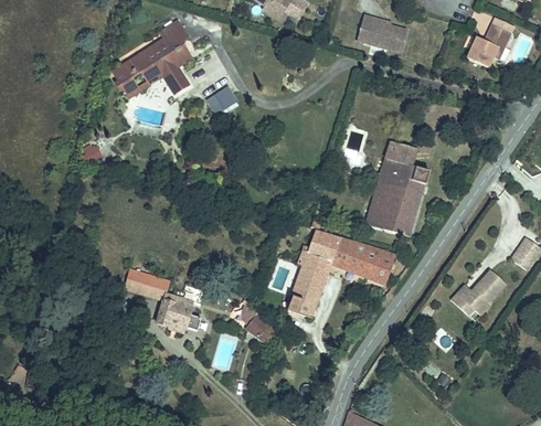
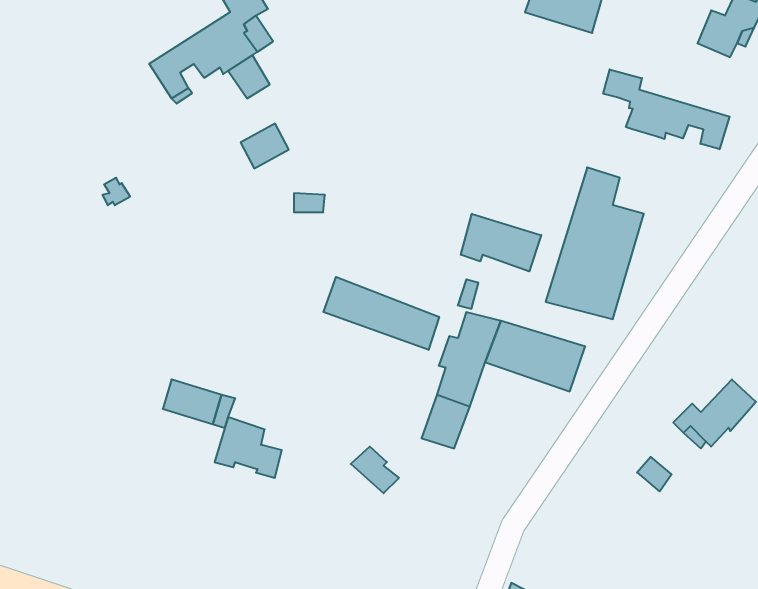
building: none -> [603,69,730,149]
building: [203,82,234,110] -> [241,124,289,168]
building: none -> [461,214,541,271]
building: none -> [323,277,439,350]

